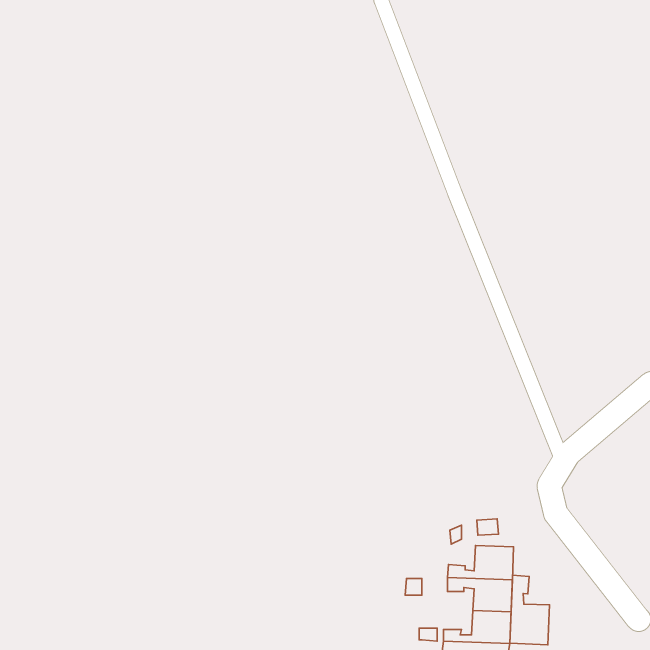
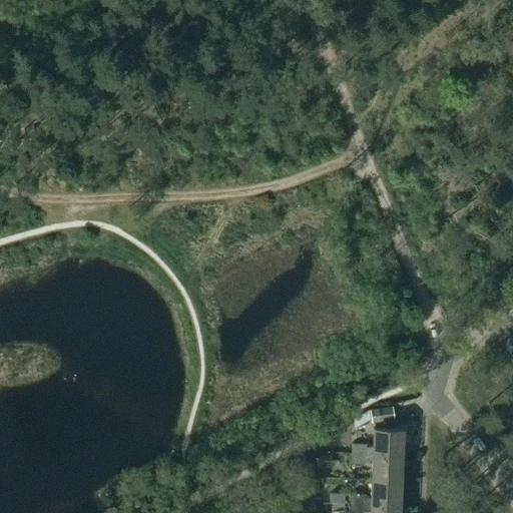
building: [510,575,550,645] -> none

